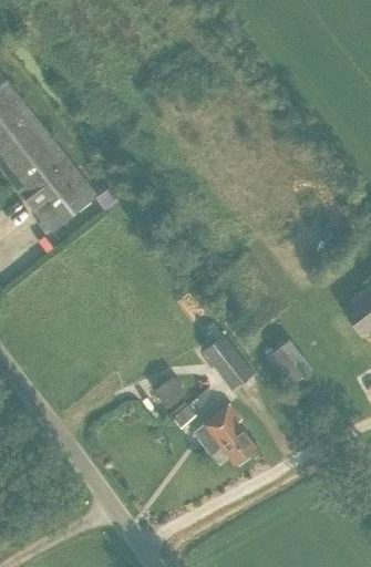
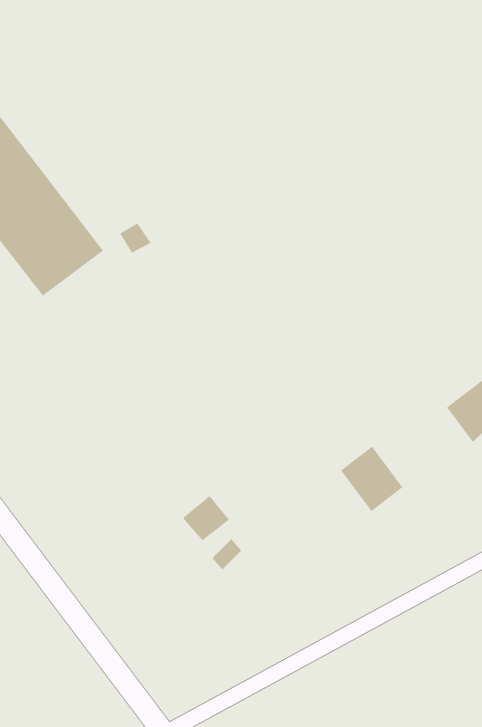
building: [202,334,253,391] -> none
building: [194,404,257,464] -> none

